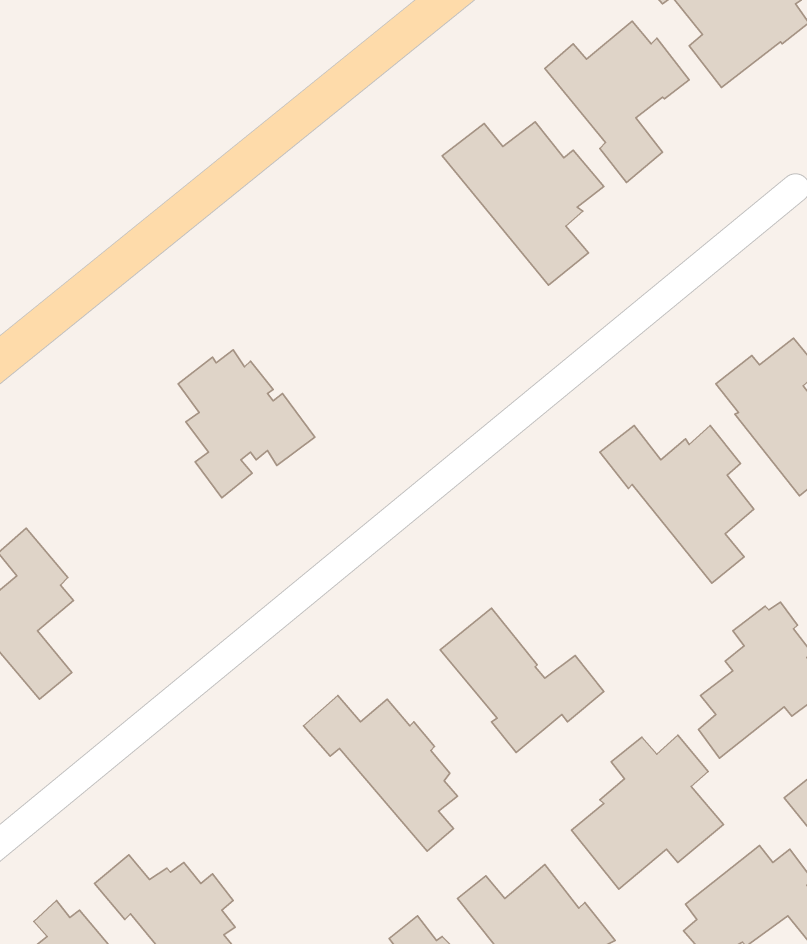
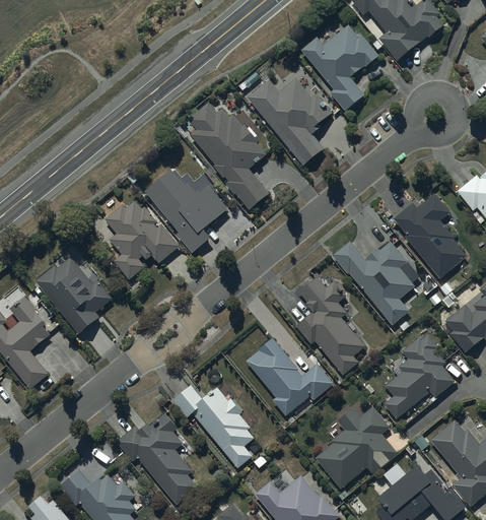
building: none -> [188,103,269,209]
building: none -> [144,169,228,253]
building: none -> [36,257,112,333]
building: none -> [296,276,365,374]
building: none -> [117,412,199,505]

